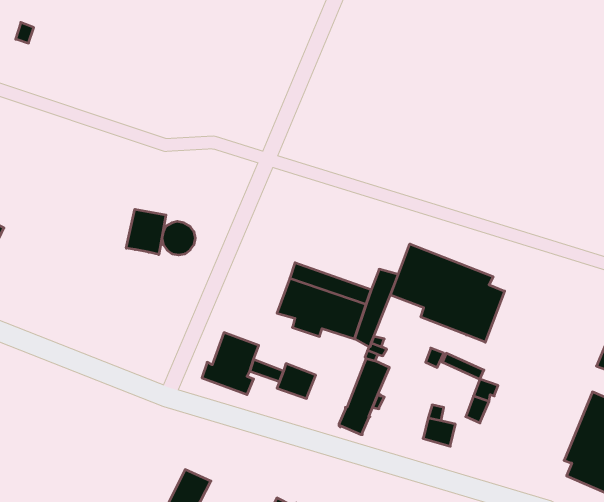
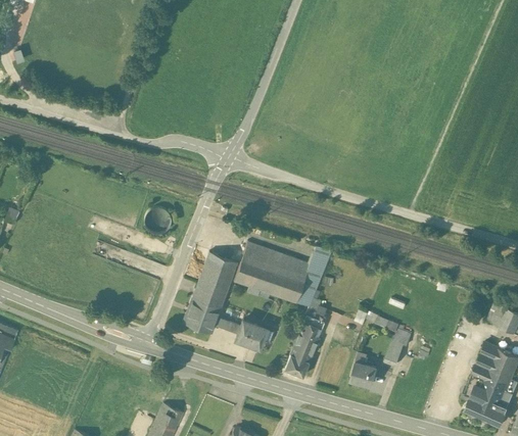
building: [126,209,166,255] -> none
building: [391,244,505,342] -> none
building: none -> [194,250,238,305]

